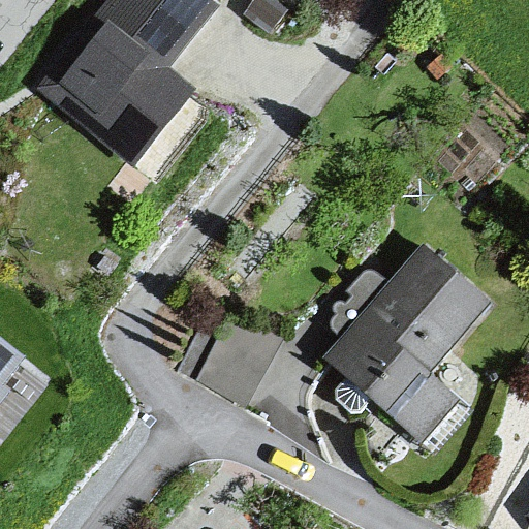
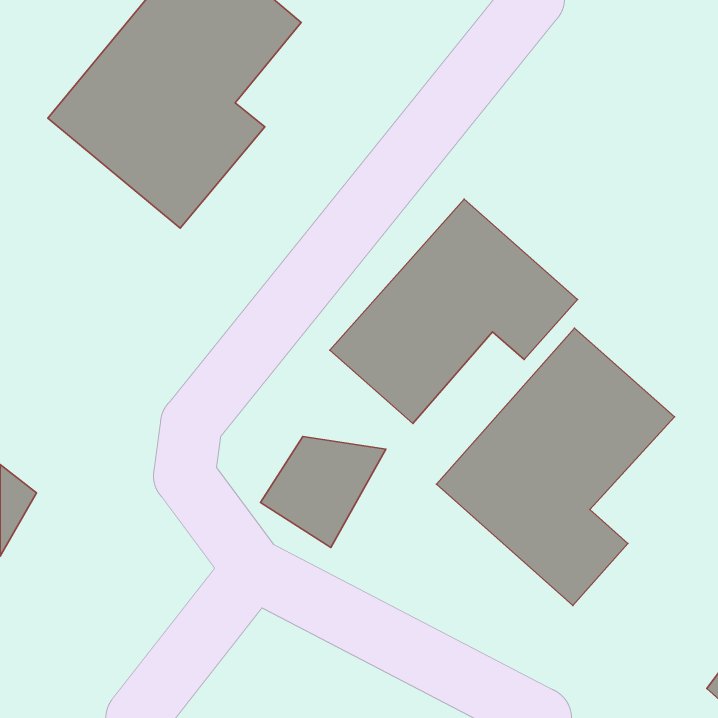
building: none -> [330,199,577,424]

